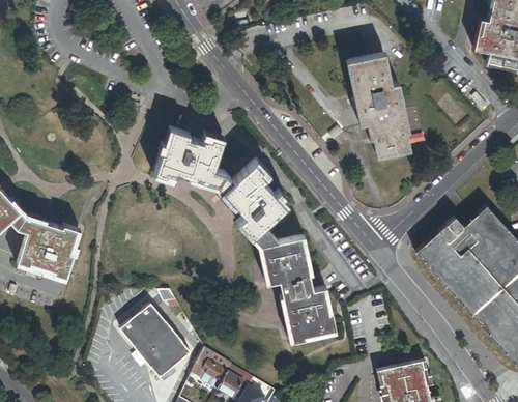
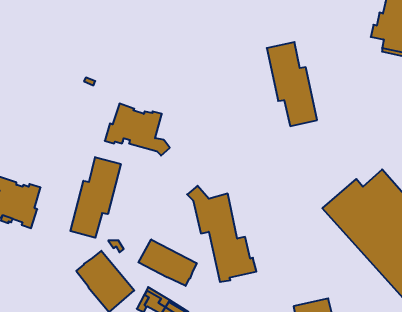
building: [222,161,286,236] -> none
building: none -> [70,157,121,238]
building: none -> [138,239,197,286]

